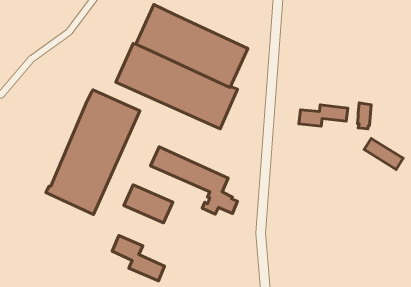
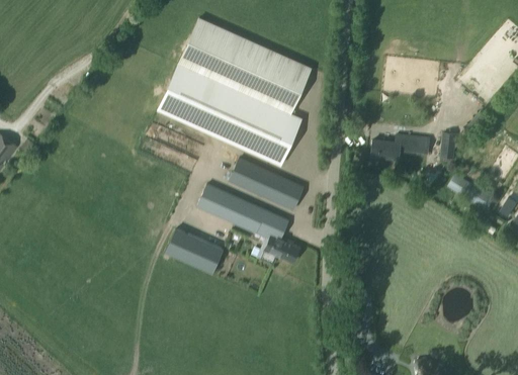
building: [46,90,140,214] -> none
building: none -> [229,158,305,210]
building: [112,235,165,281] -> none

